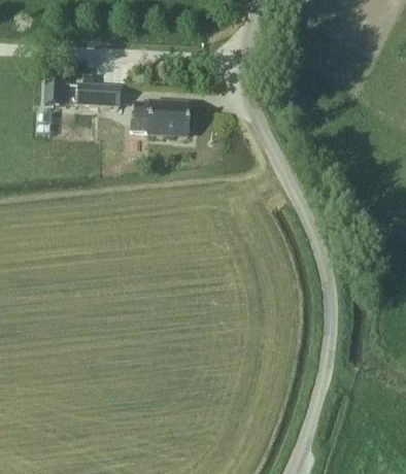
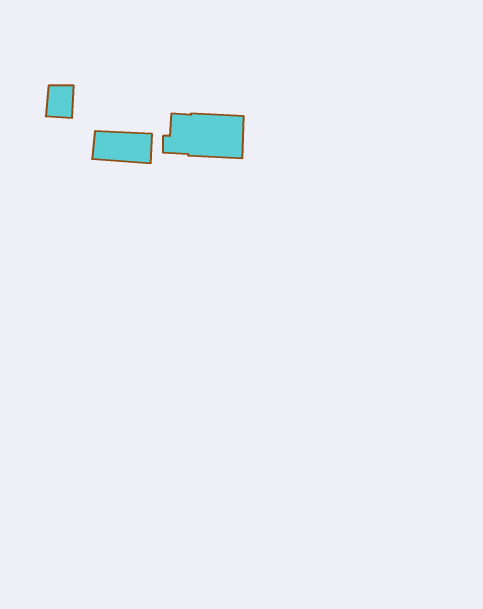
building: [75,82,120,106] -> [92,131,152,163]

